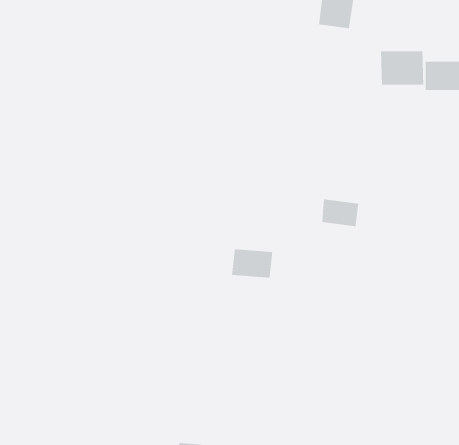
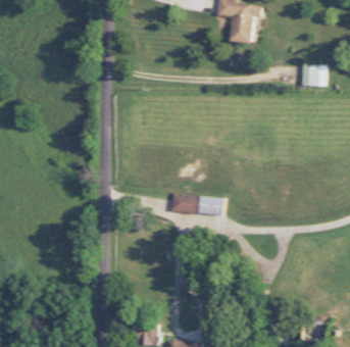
building: [380,50,424,85] -> none
building: [322,199,359,227] -> [198,196,223,215]

